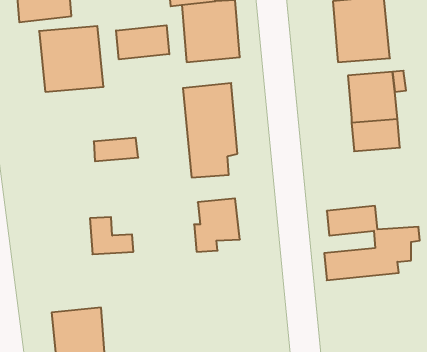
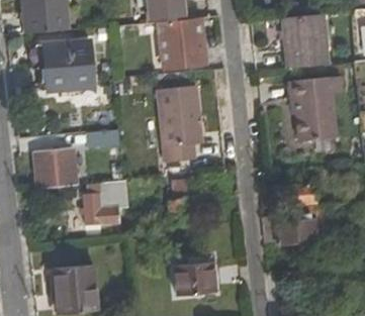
building: [116,25,169,59] -> none
building: none -> [33,148,78,190]
building: none -> [176,262,215,295]

